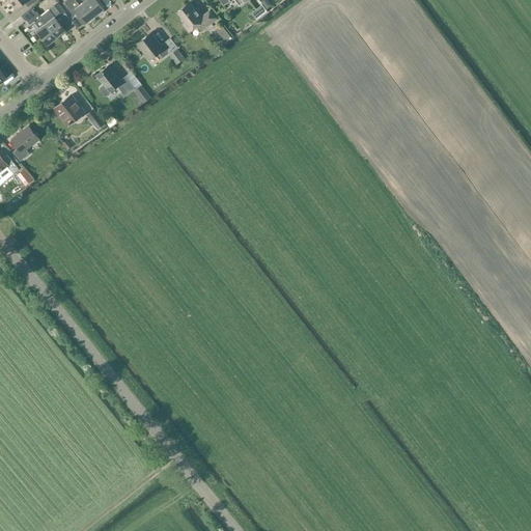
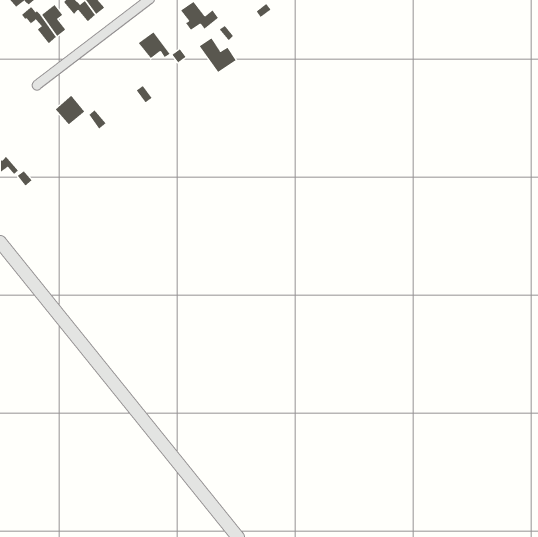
building: none -> [199,37,236,73]
building: [96,64,134,94] -> none
building: [11,125,38,160] -> none

